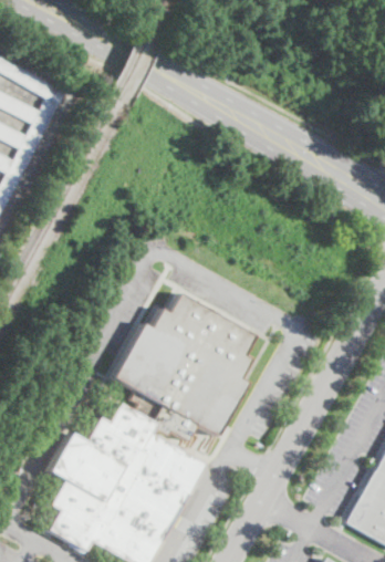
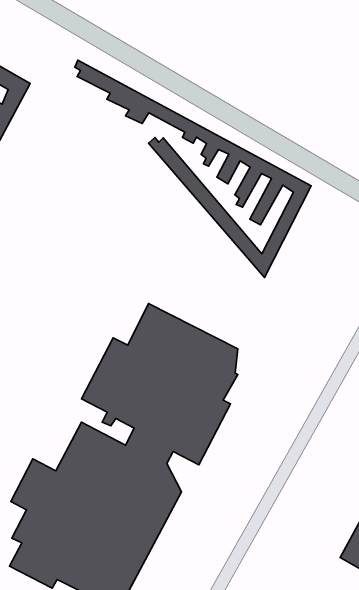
building: none -> [75,60,311,277]

